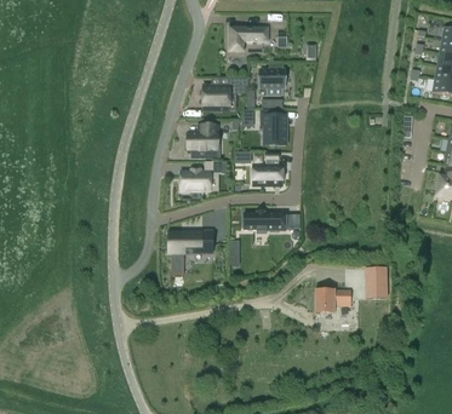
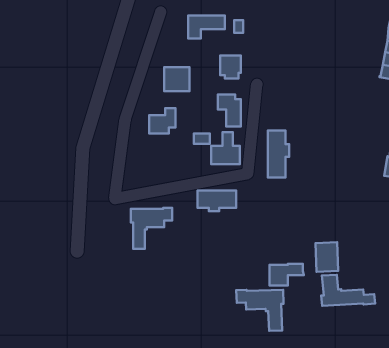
building: none -> [268,130,289,177]
building: [179,162,219,191] -> none
building: none -> [321,275,375,306]
building: none -> [236,290,284,331]

